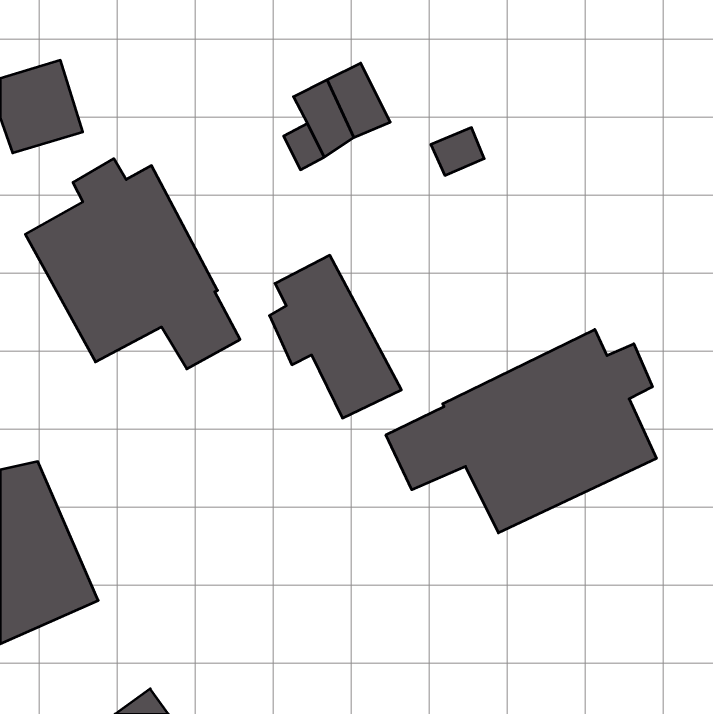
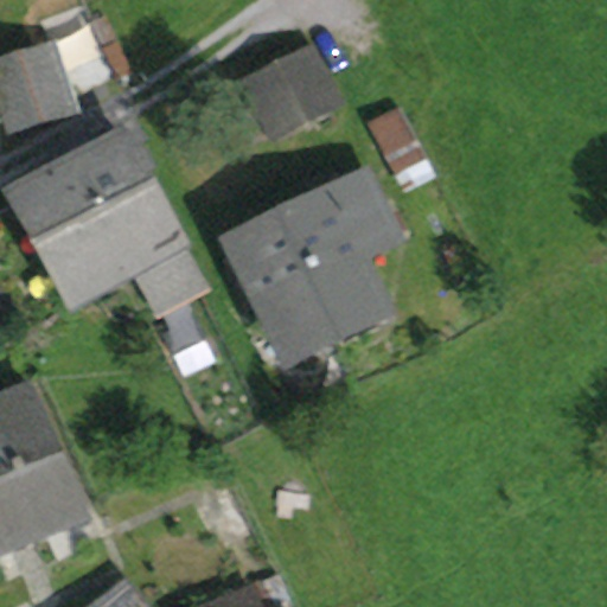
building: none -> [282,175,397,330]
building: [386,329,656,533] -> none

